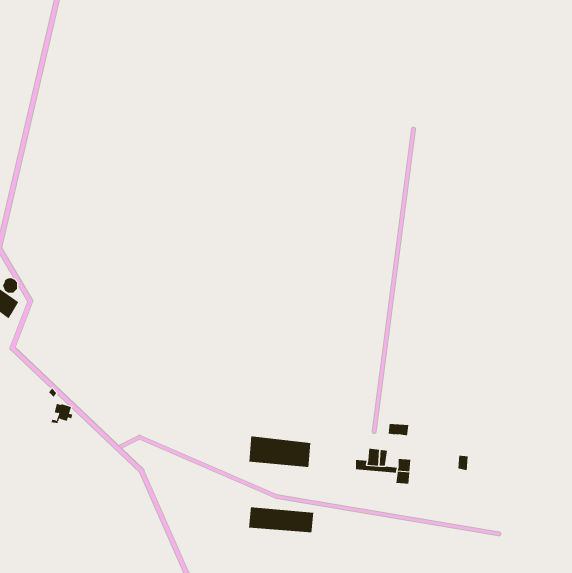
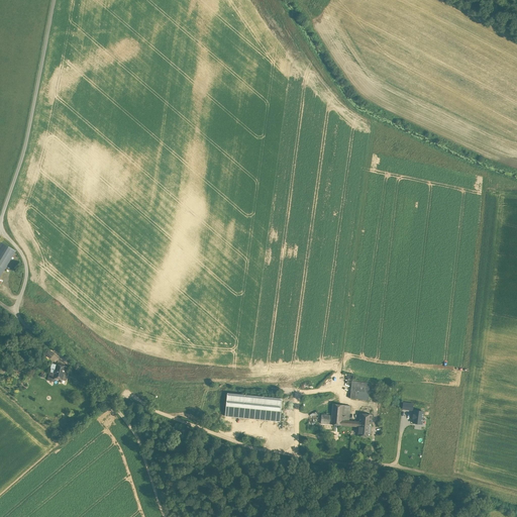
building: [248,506,314,533] -> none

